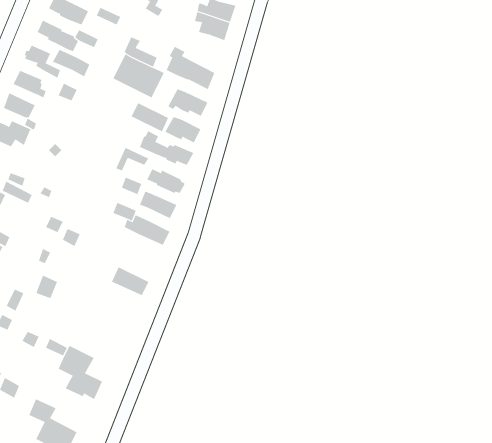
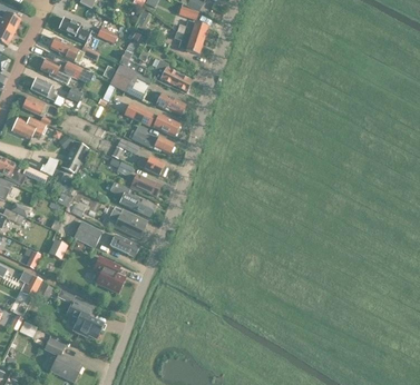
building: none -> [61,140,88,174]
building: none -> [110,208,147,237]
building: none -> [74,218,101,247]
building: none -> [94,256,125,292]

